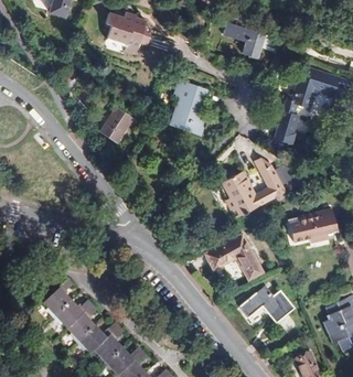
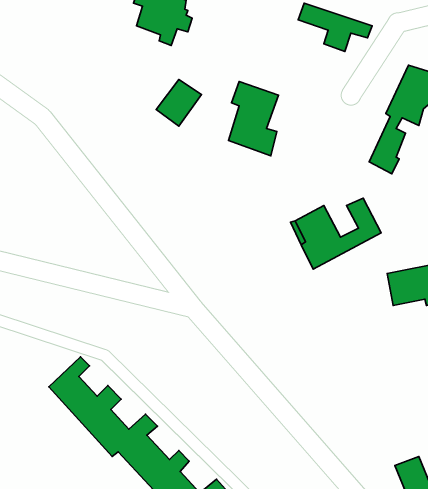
building: [96,108,129,142] -> [156,79,202,126]
building: [205,234,261,281] -> none
building: [246,284,298,322] -> none

